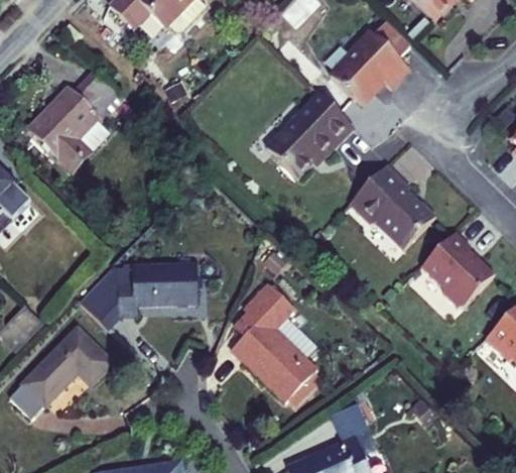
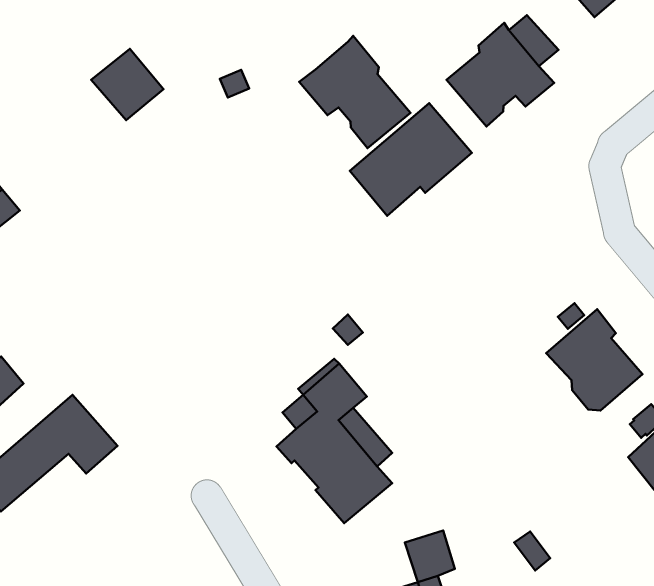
building: none -> [299,36,411,148]
building: [31,92,110,170] -> none
building: [351,166,435,248] -> none
building: [79,266,196,329] -> none

